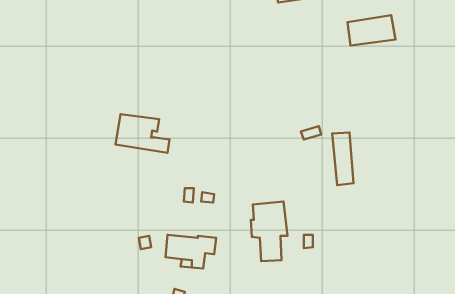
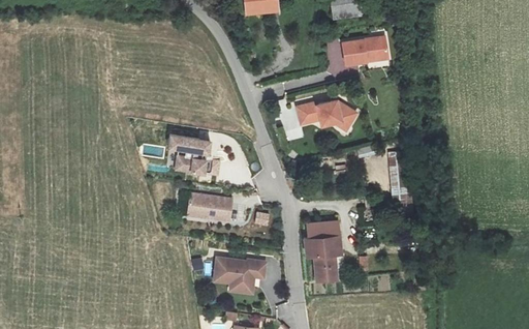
building: [348,15,395,45] -> [339,34,387,65]
building: none -> [298,101,356,130]
building: none -> [186,193,230,220]

